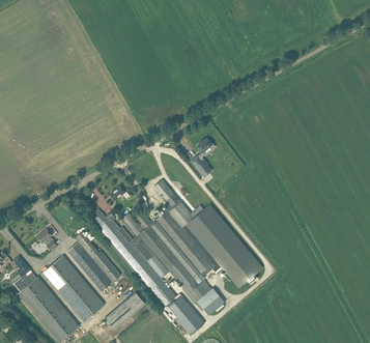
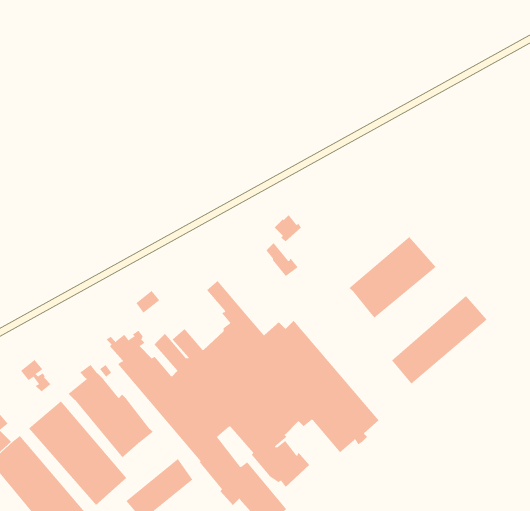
building: none -> [349,236,437,318]
building: none -> [391,295,487,385]

